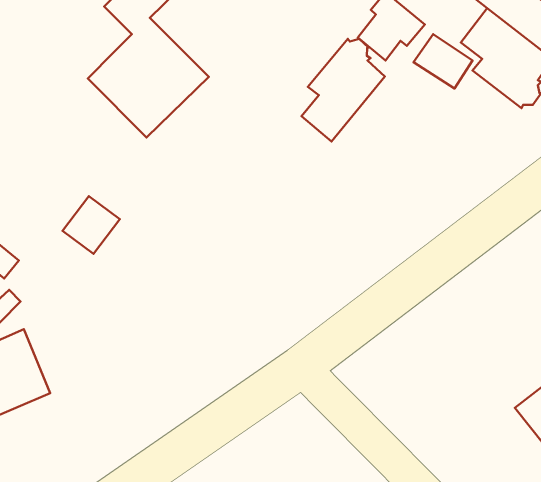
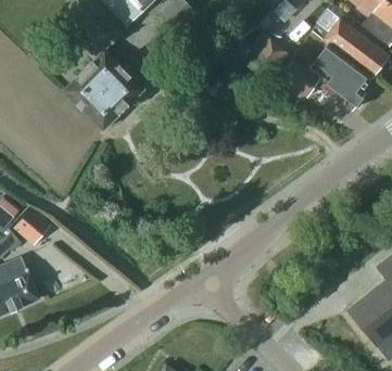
building: [301,39,385,141] -> none
building: [63,196,120,254] -> [13,207,51,245]

